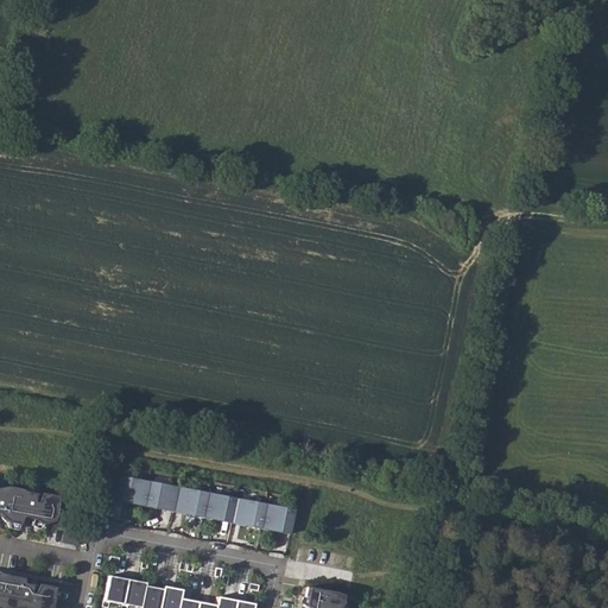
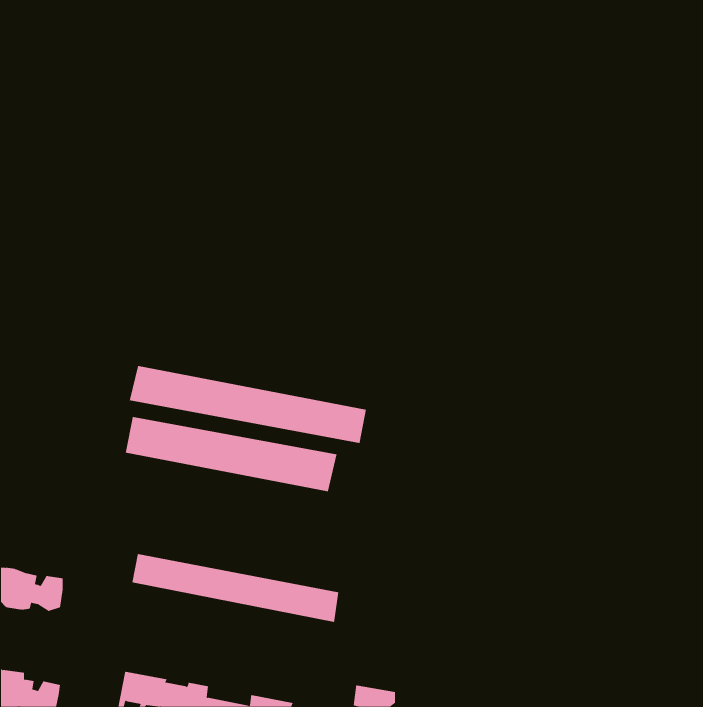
building: none -> [129,365,366,444]
building: none -> [125,416,337,492]

